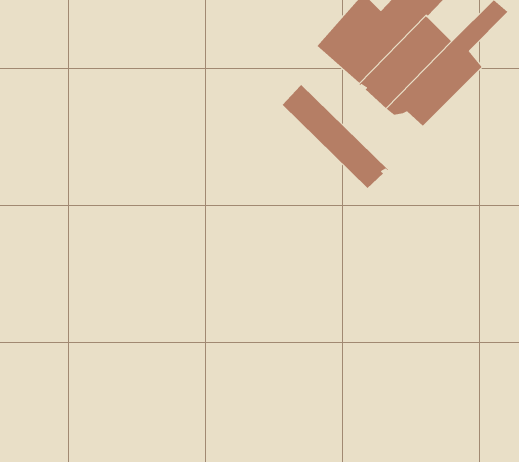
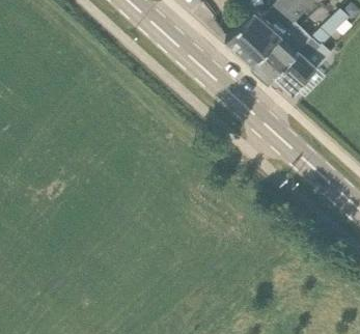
building: [282,84,389,189] -> none

